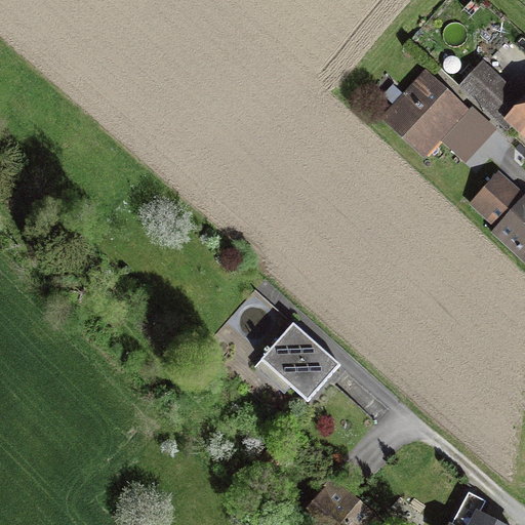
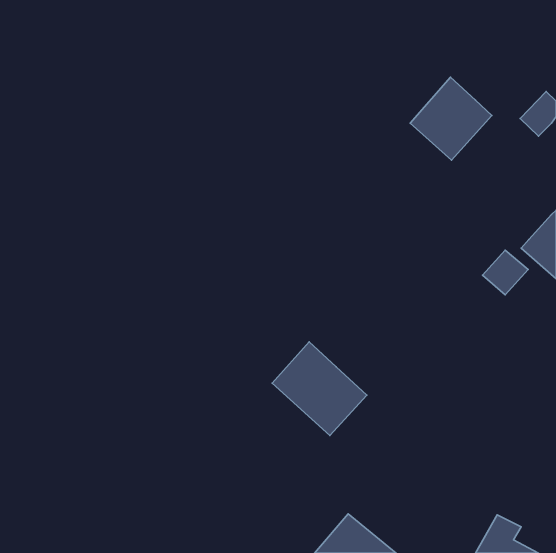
building: [460,57,515,112] -> none
building: [442,104,496,159] -> none
building: [477,184,520,226] -> [482,250,528,295]

